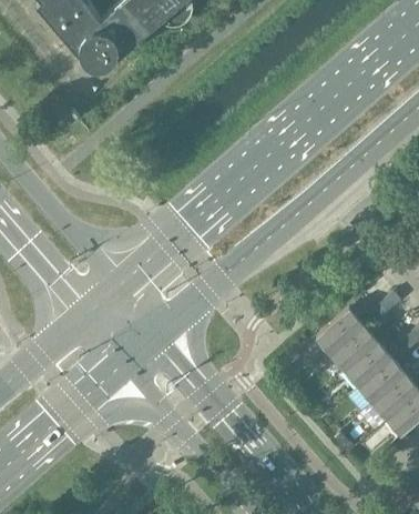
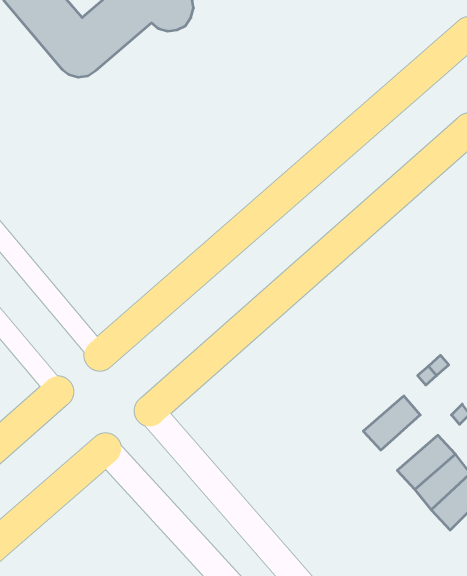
building: [316,311,364,356] -> none
building: [345,343,391,389] -> none

